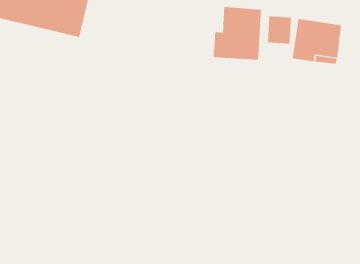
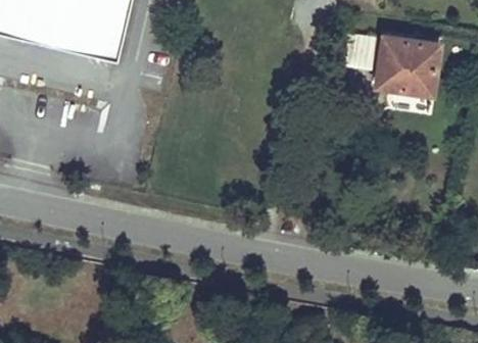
building: [213,6,262,61] -> none

